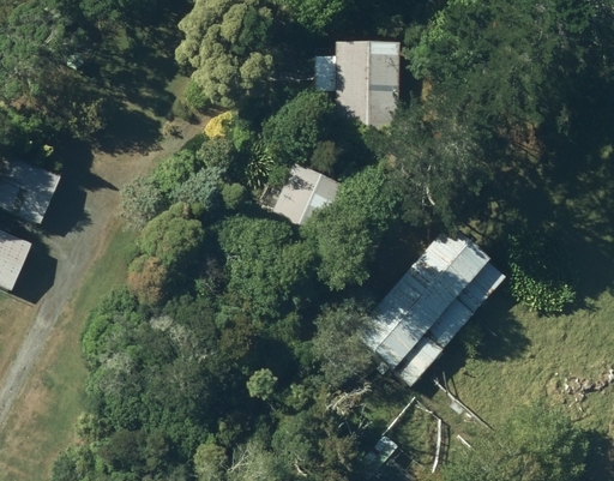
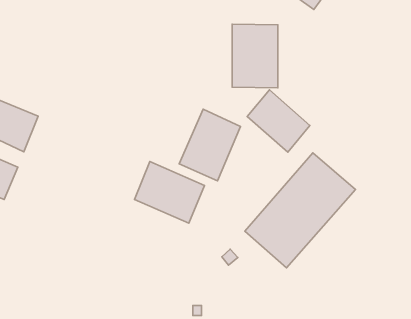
building: none -> [247,90,310,152]
building: none -> [134,162,205,223]

